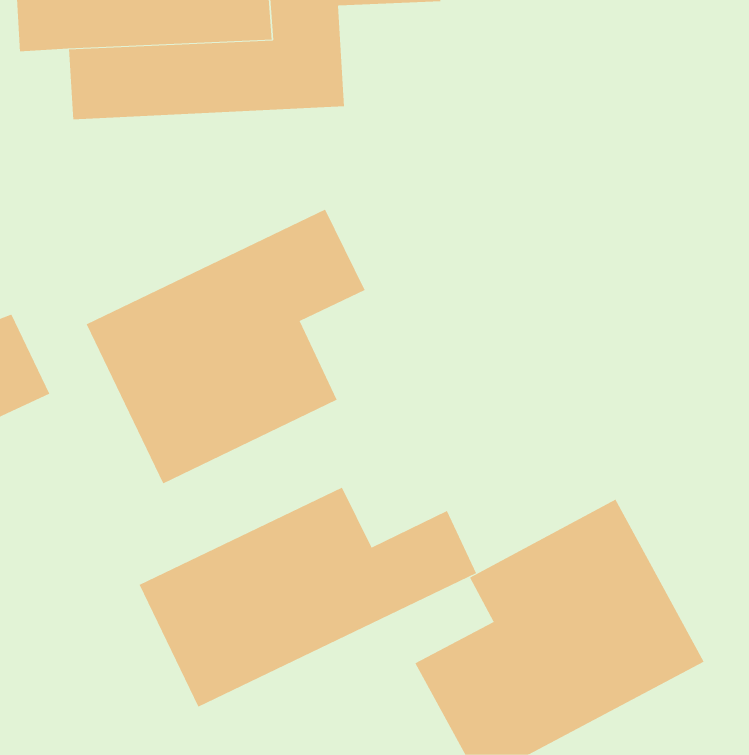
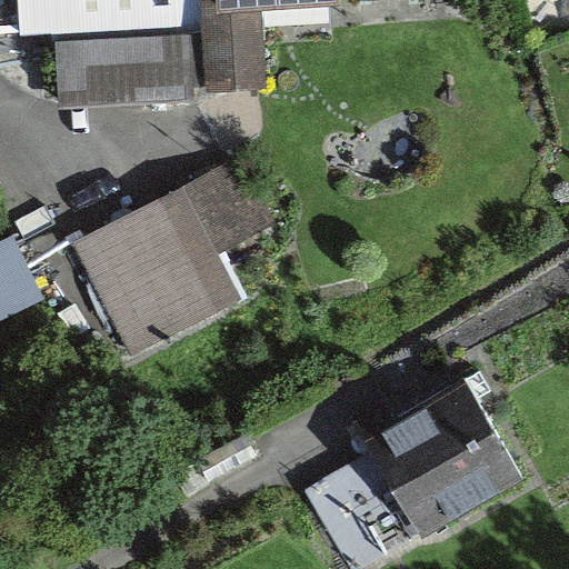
building: [139,487,477,707] -> none

